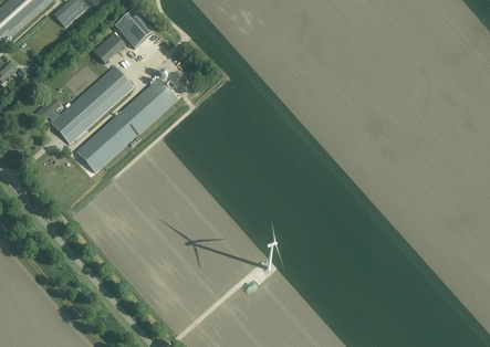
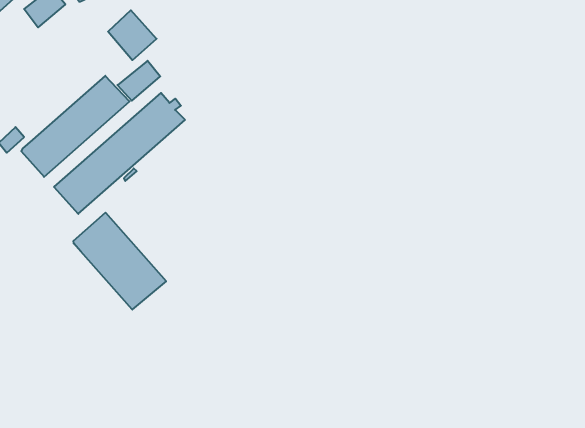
building: [91,32,124,63] -> [117,61,160,101]
building: none -> [73,213,166,310]

